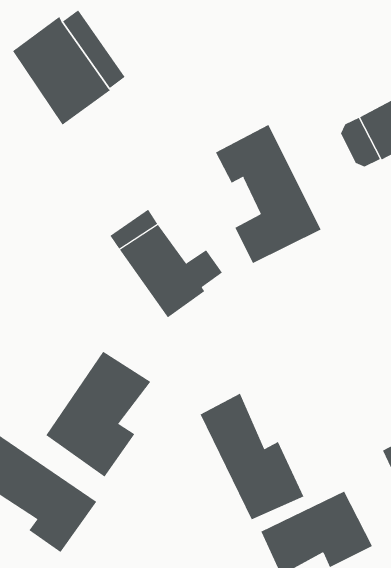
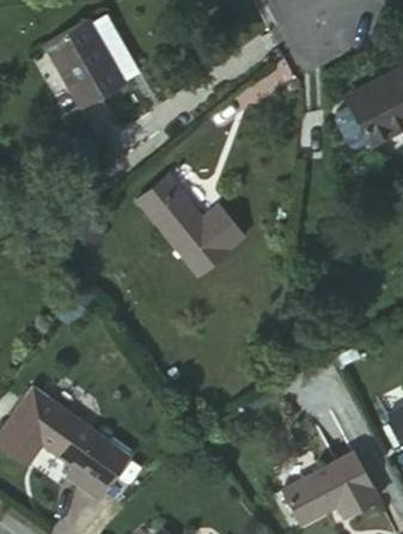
building: [215,124,321,264] -> none
building: [46,351,151,477] -> none
building: [200,393,304,520] -> none

